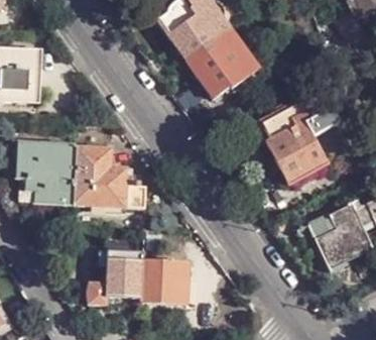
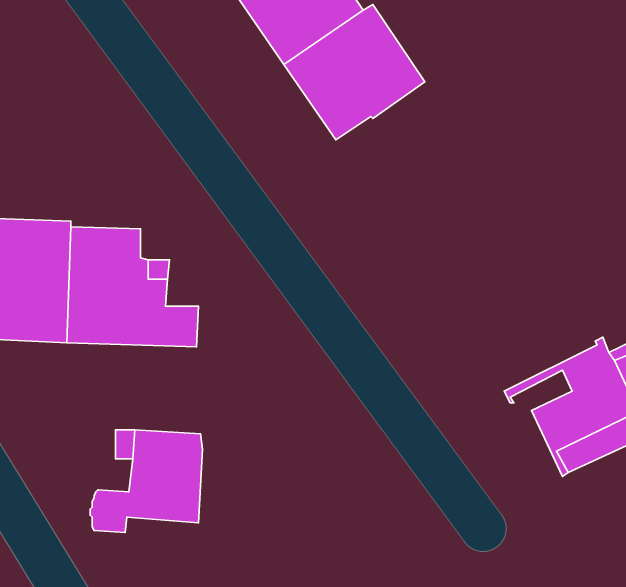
building: [261,92,333,187] -> none
building: [142,261,190,304] -> none

